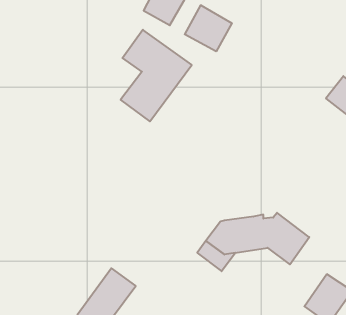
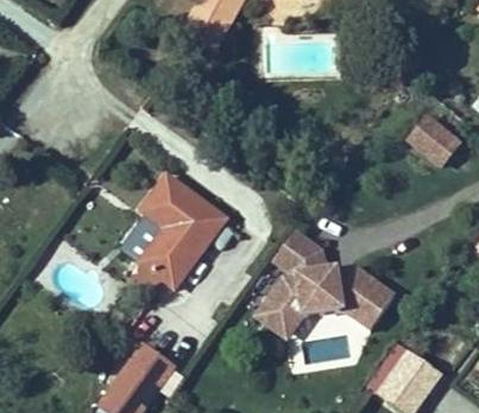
building: [185,5,232,51] -> none
building: [121,30,192,121] -> [139,174,226,286]
building: none -> [266,240,317,286]

